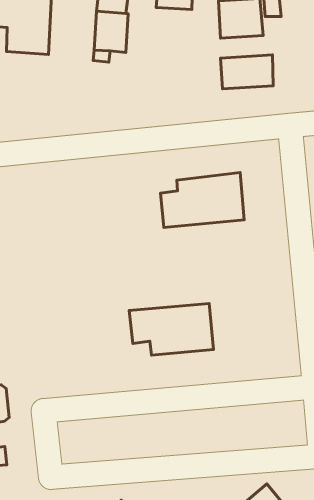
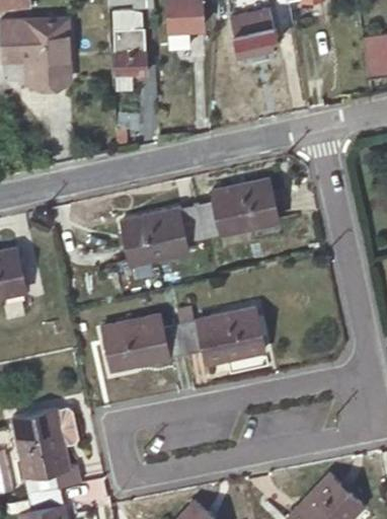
building: [221,55,273,89] -> none
building: none -> [120,207,203,267]
building: none -> [100,313,185,369]

